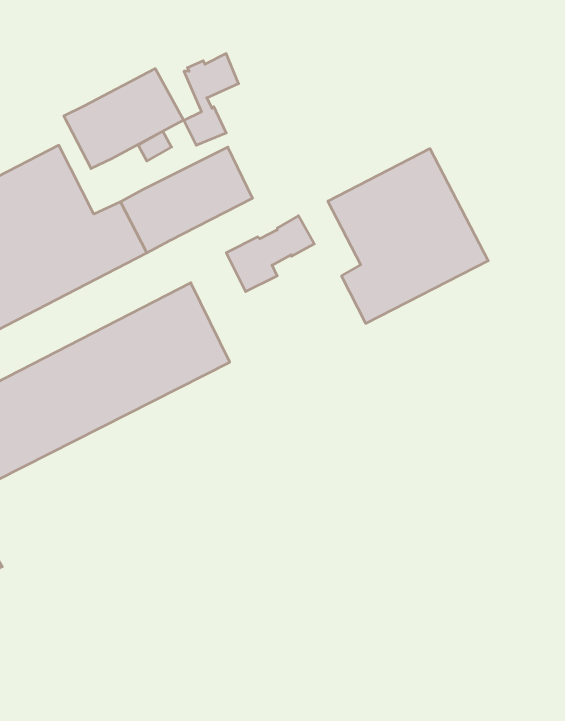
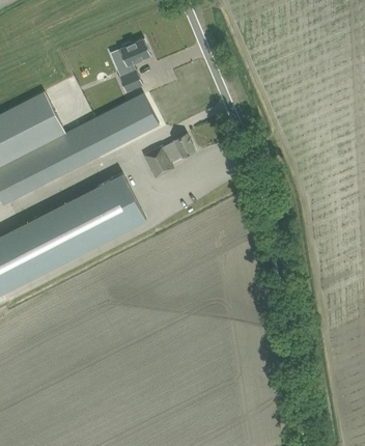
building: [64,69,183,169] -> none
building: [328,149,488,323] -> none

